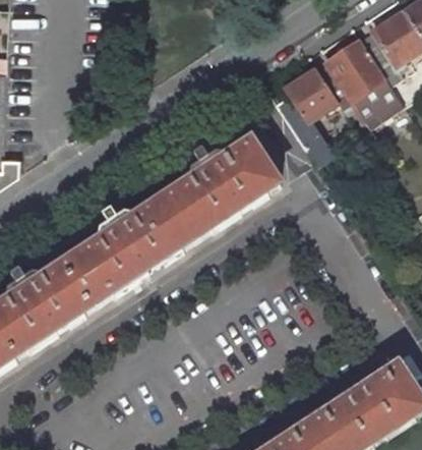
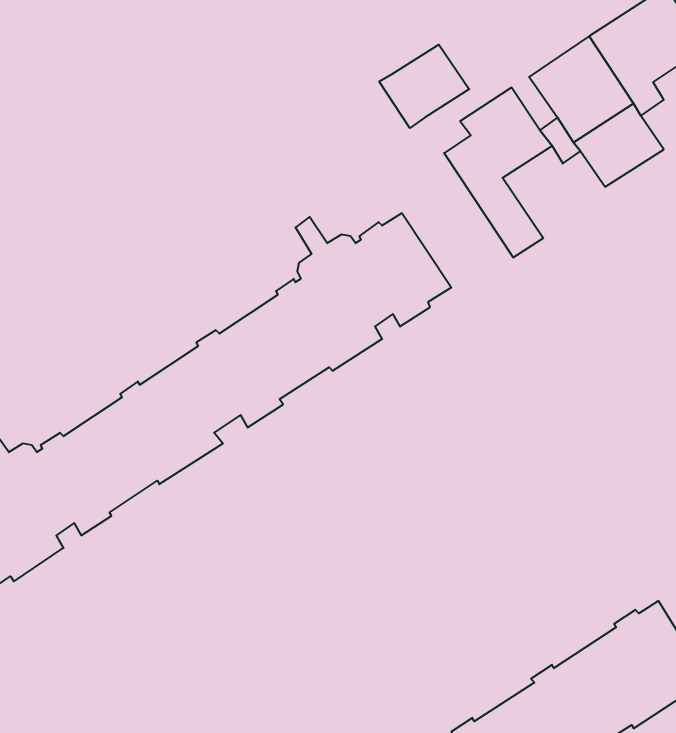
building: none -> [379,45,469,128]

